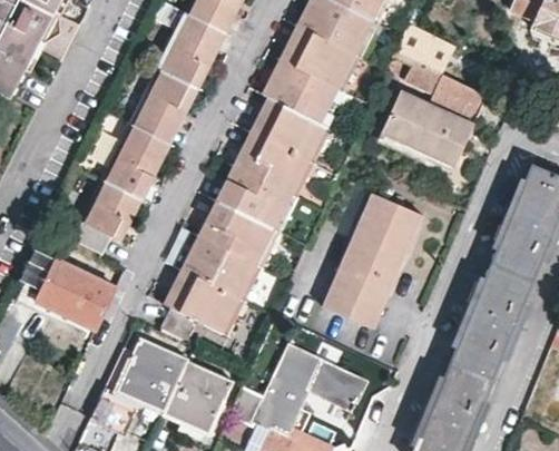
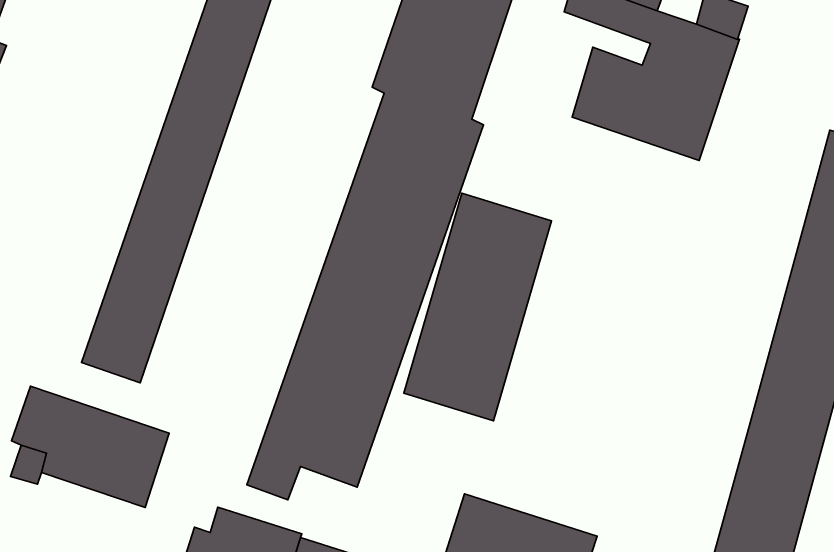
building: [322,190,423,329] -> [404,193,551,421]

